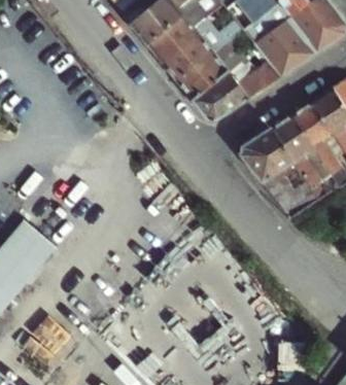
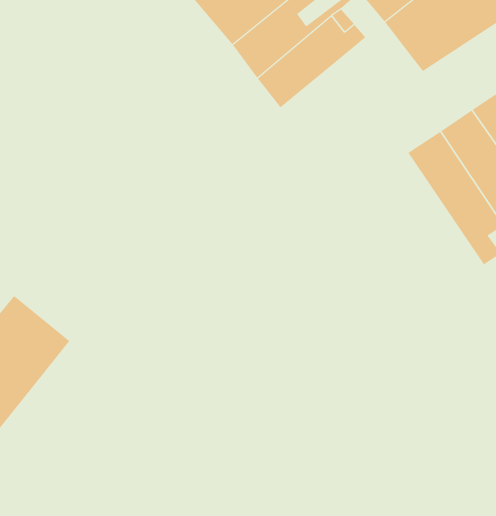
building: [192,60,280,119] -> none
building: [240,128,318,215] -> none

